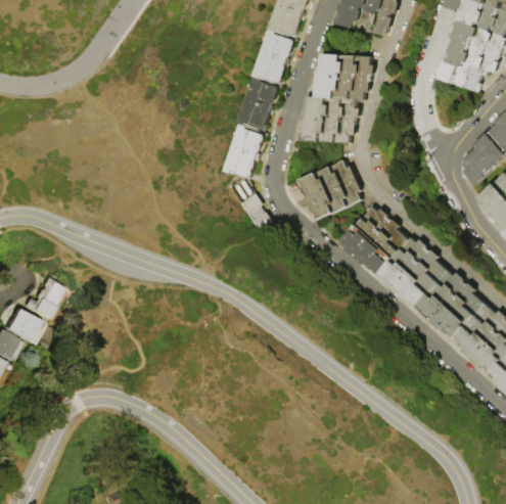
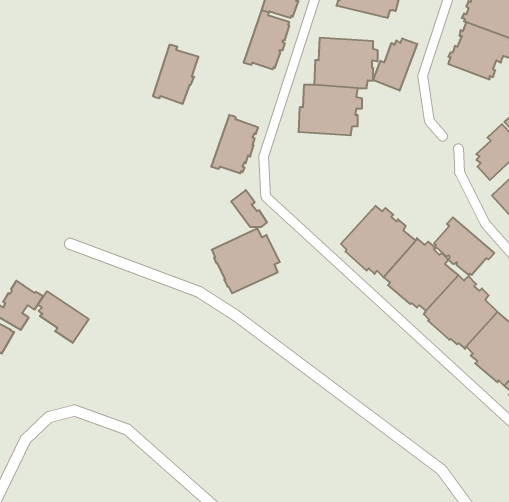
building: none -> [373,38,417,91]
building: [235,77,277,131] -> [153,45,199,104]
building: [298,161,361,220] -> [212,228,280,293]
building: none -> [434,217,494,275]
building: none -> [38,291,89,343]

